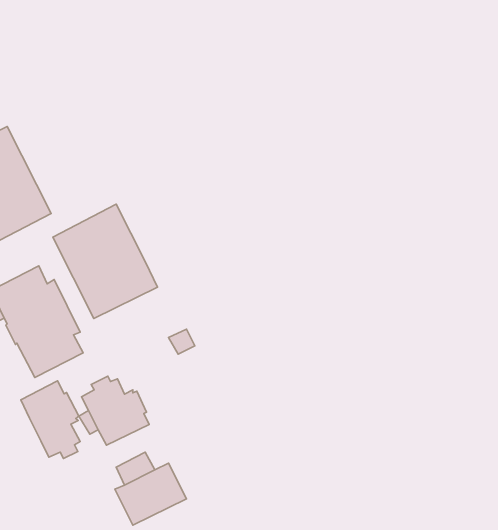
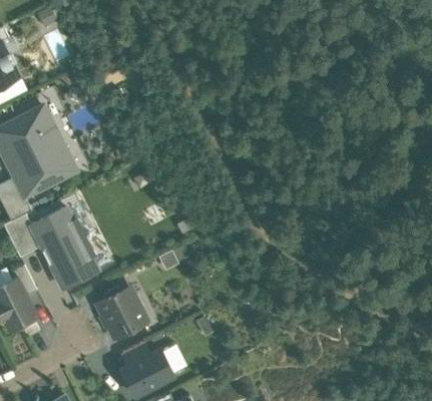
building: [53,204,157,318] -> none
building: [21,381,80,459] -> none

